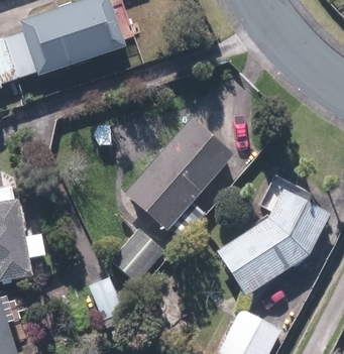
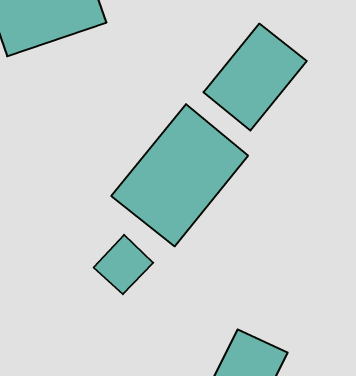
building: none -> [203,24,307,131]
building: [220,183,326,296] -> none

